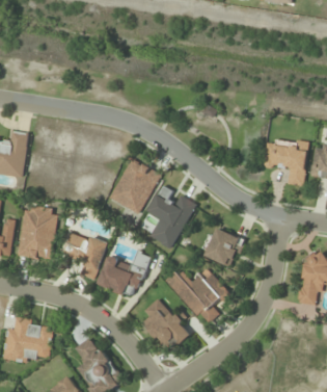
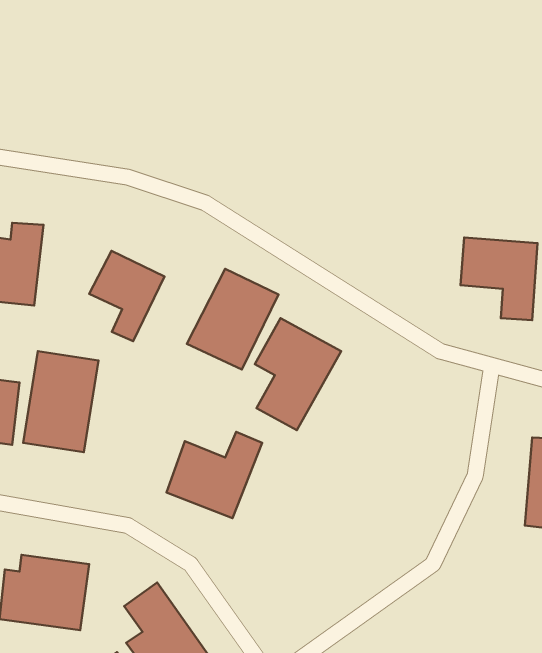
building: none -> [89,251,164,341]
building: [202,226,244,267] -> none
building: [64,230,108,281] -> none
building: [165,267,233,325] -> none
building: [142,298,190,347] -> none

